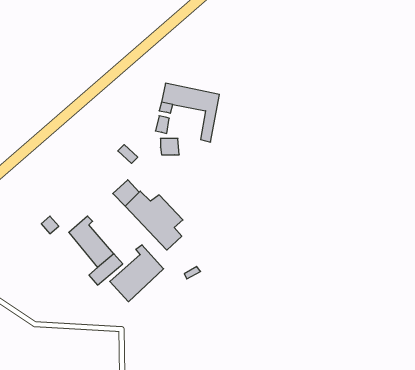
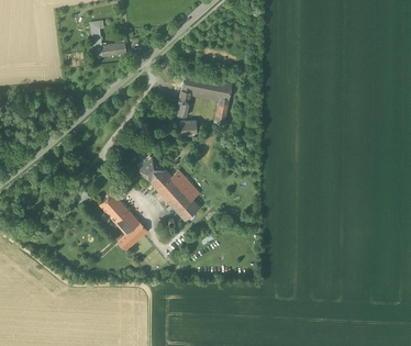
building: none -> [89,22,125,58]
building: [110,245,164,302] -> none

